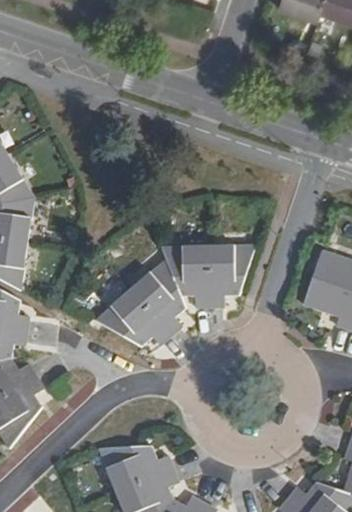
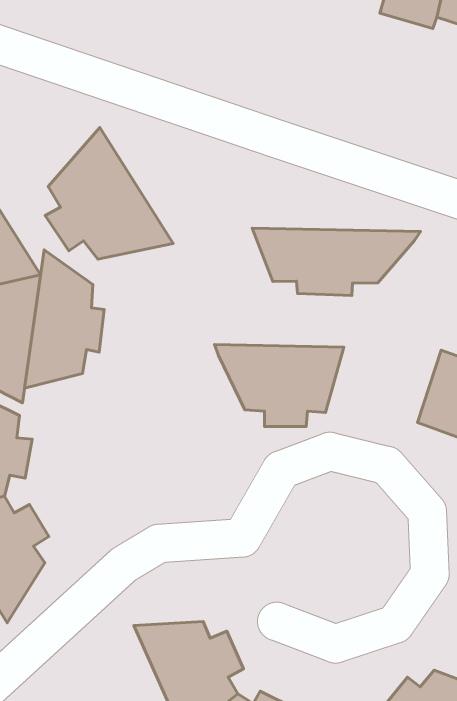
building: none -> [45,127,173,259]
building: none -> [252,228,420,295]
building: none -> [25,250,104,388]
building: [87,256,185,345] -> none

